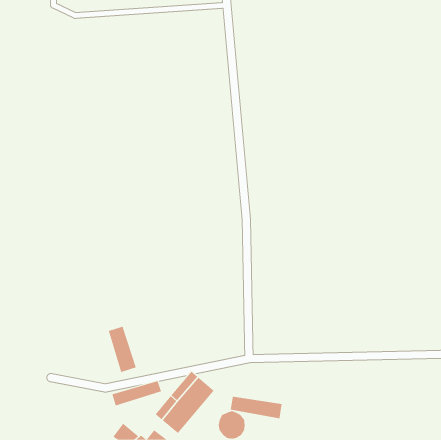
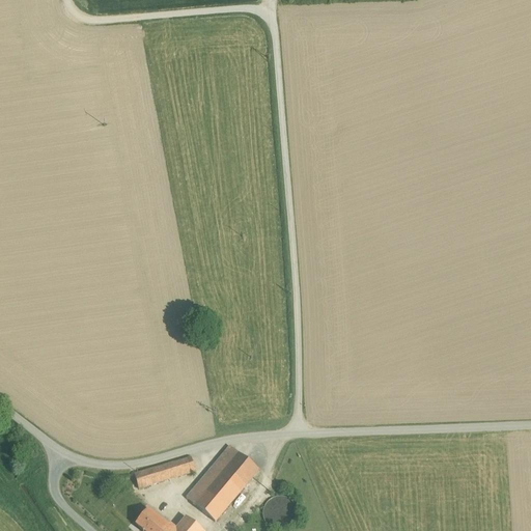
building: [108,326,136,373] -> none
building: [230,396,282,419] -> none

